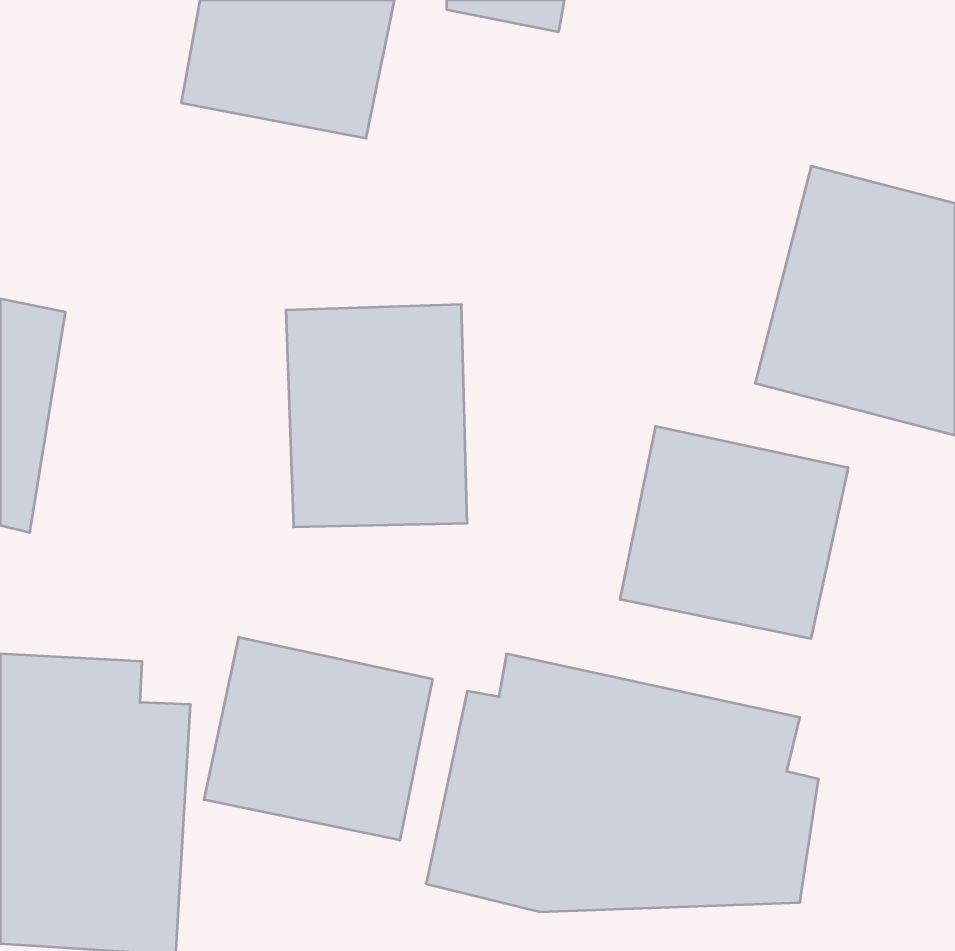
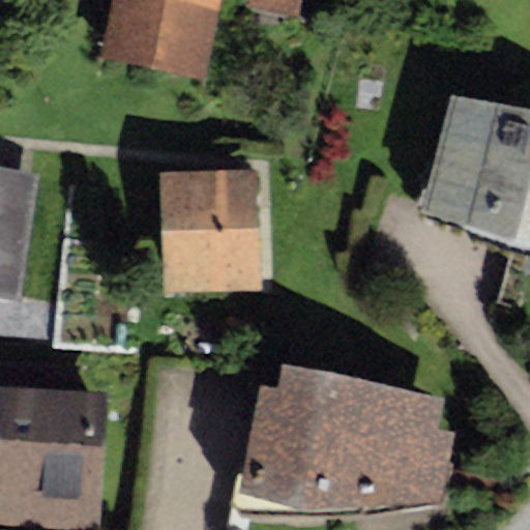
building: [620,426,848,639] -> none
building: [204,637,432,840] -> none

